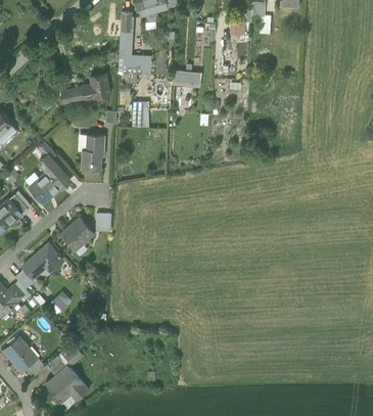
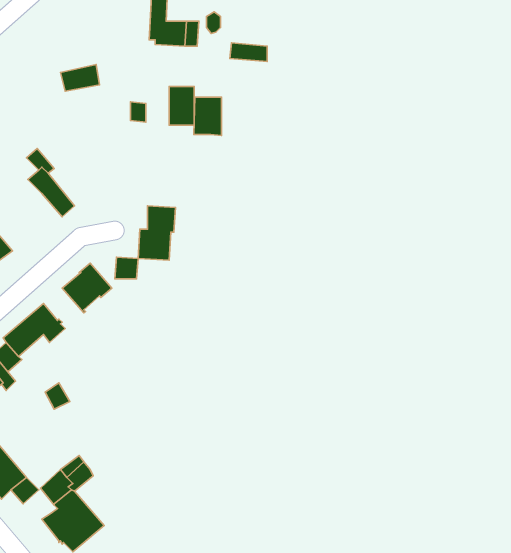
building: [84,74,109,99] -> none
building: none -> [194,97,222,135]
building: [81,134,105,170] -> [138,206,175,260]
building: [29,171,61,203] -> none

